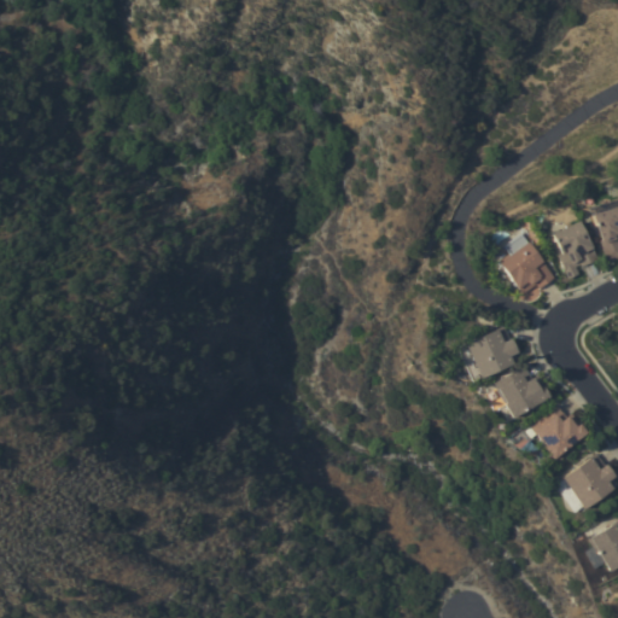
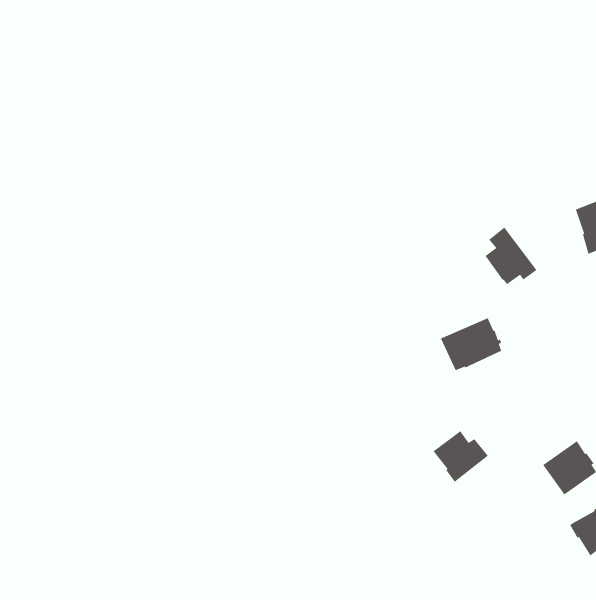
building: [555,221,600,279] -> none
building: [495,366,550,418] -> none
building: [530,406,588,460] -> [432,430,489,483]

